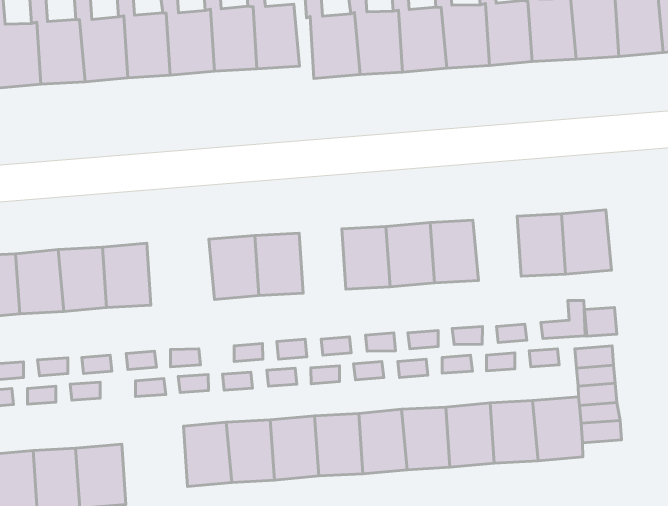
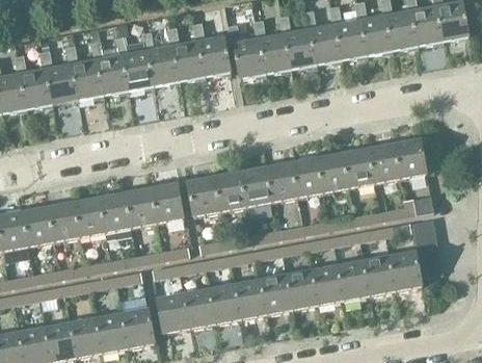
building: none -> [341,147,373,187]
building: none -> [239,165,270,206]
building: none -> [150,182,183,223]
building: none -> [156,292,189,333]

